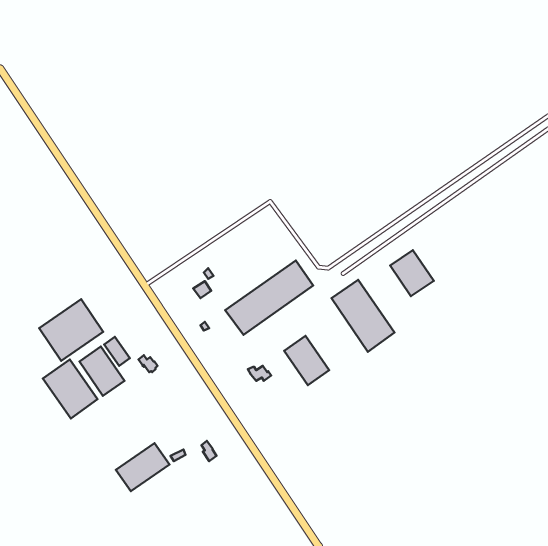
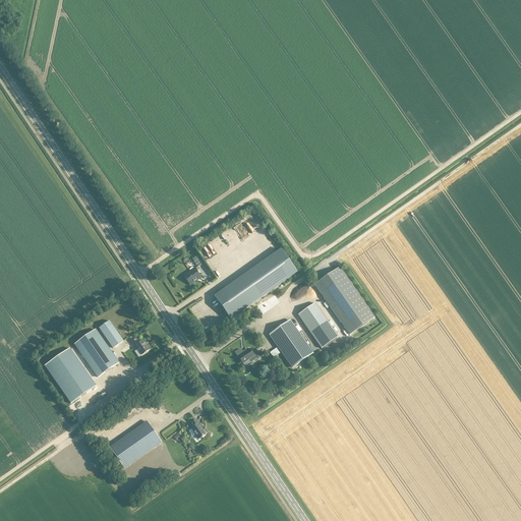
building: [390,250,434,296] -> none
building: [39,299,103,361] -> none
building: none -> [298,301,338,347]

